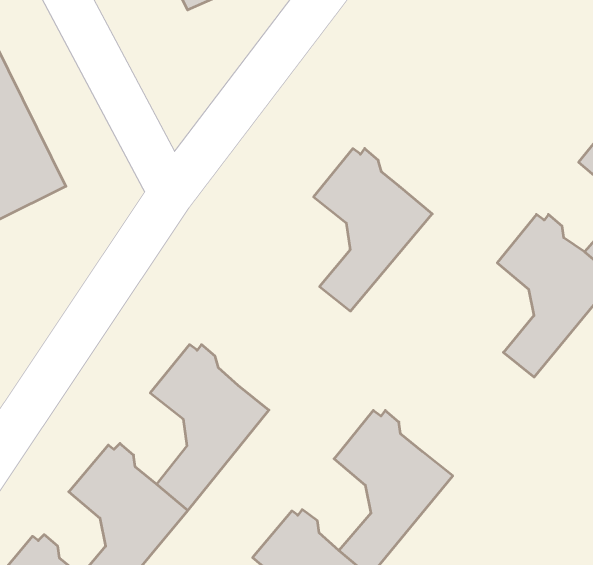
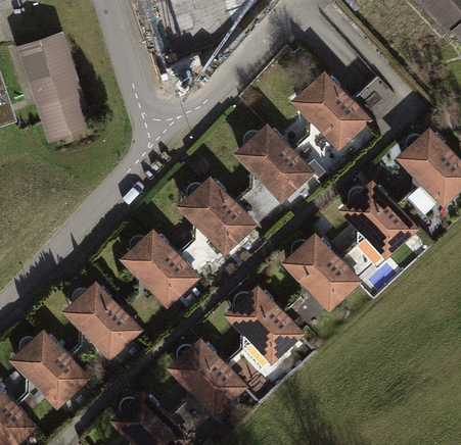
building: none -> [291,76,366,175]
building: none -> [178,180,251,278]
building: none -> [282,235,356,333]

